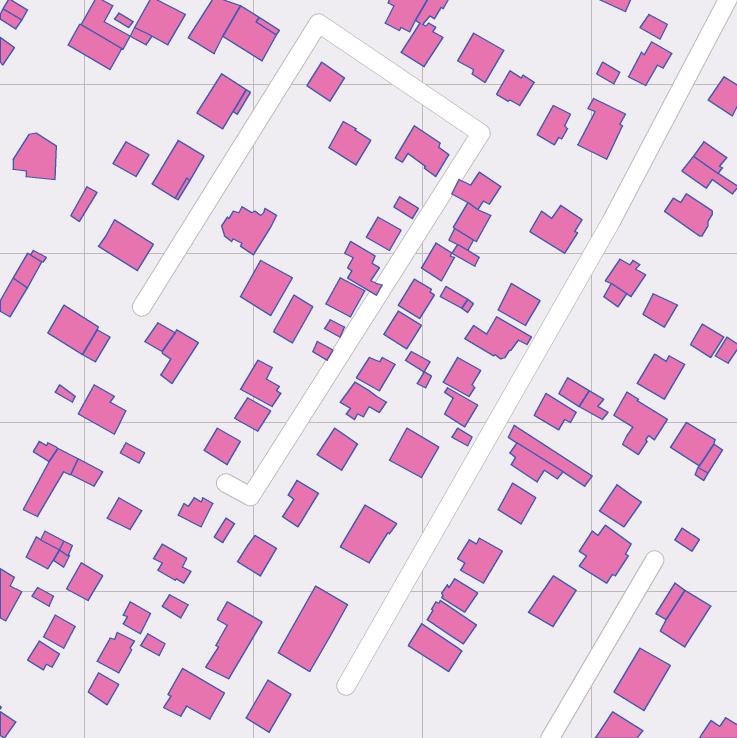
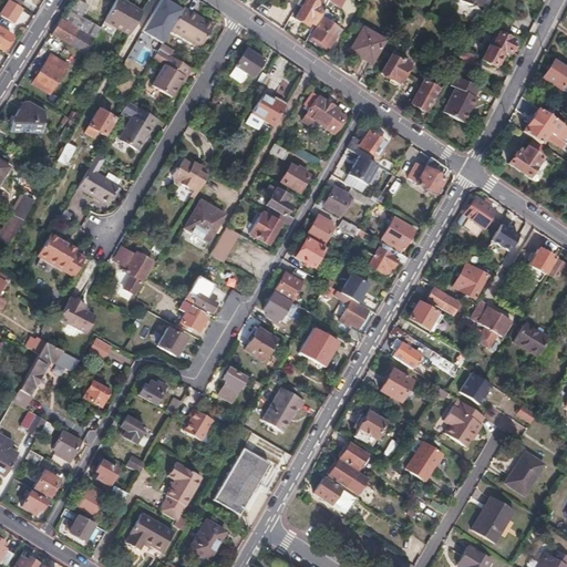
building: none -> [34,55,68,92]
building: [637,354,685,399] -> [454,264,491,298]

